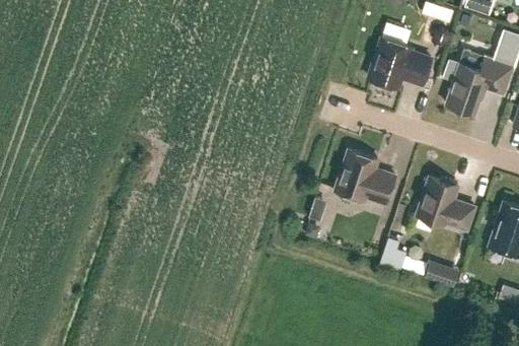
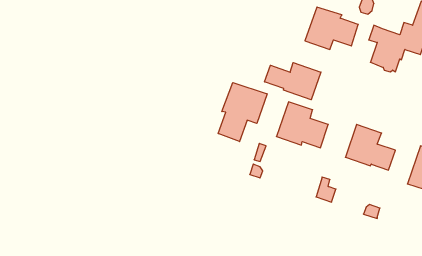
building: none -> [265,63,321,100]
building: none -> [218,83,267,142]

